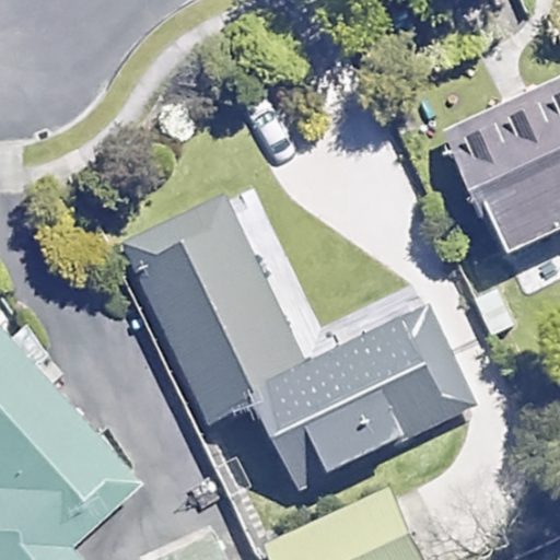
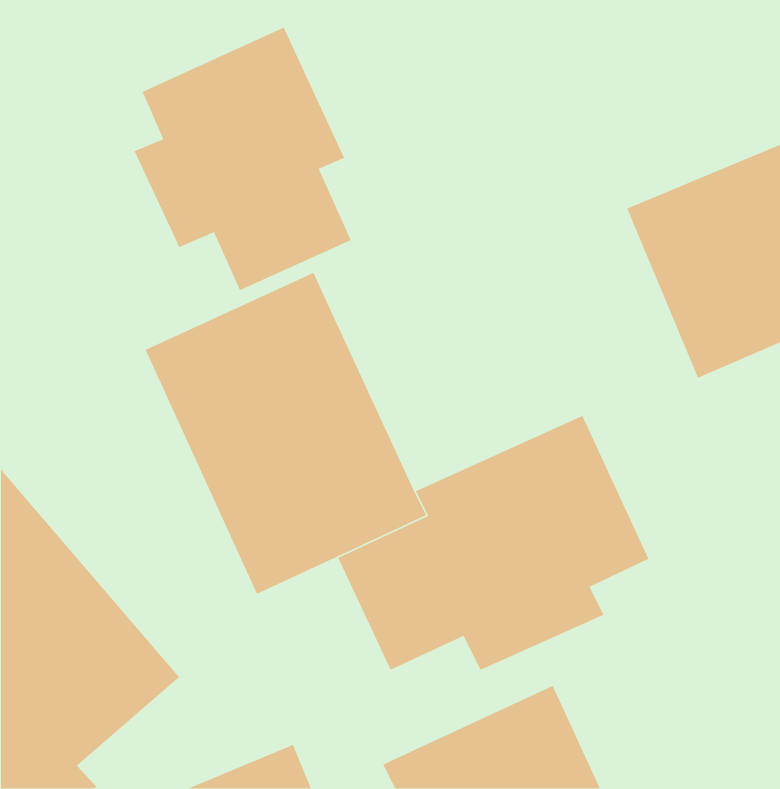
building: none -> [134,27,352,291]

